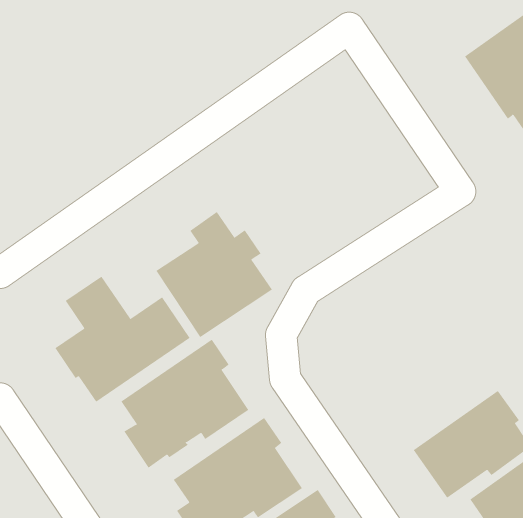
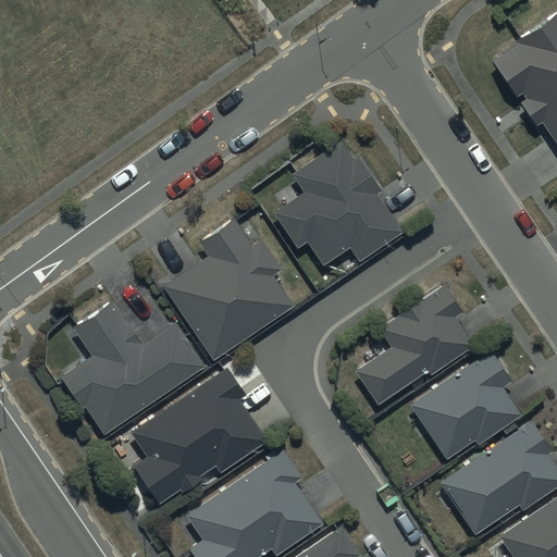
building: none -> [273,141,403,265]
building: none -> [355,285,475,406]
building: none -> [410,350,521,459]

